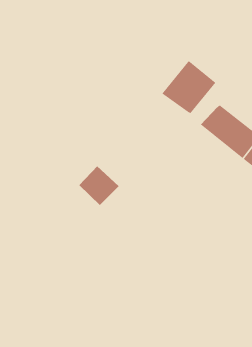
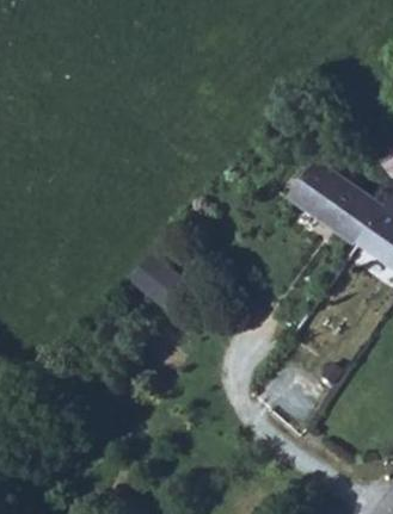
building: [161,60,216,114] -> none

